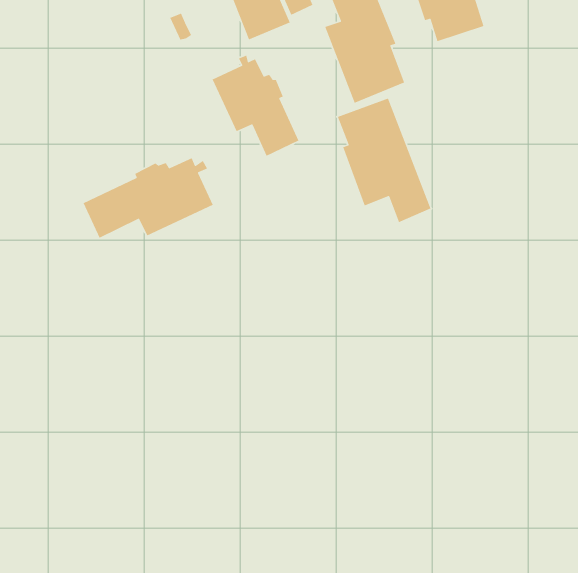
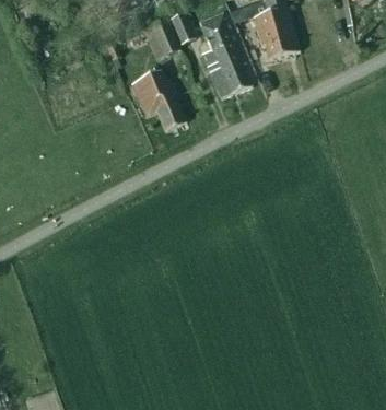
building: [337,98,432,223] -> none
building: [83,157,214,239] -> none

